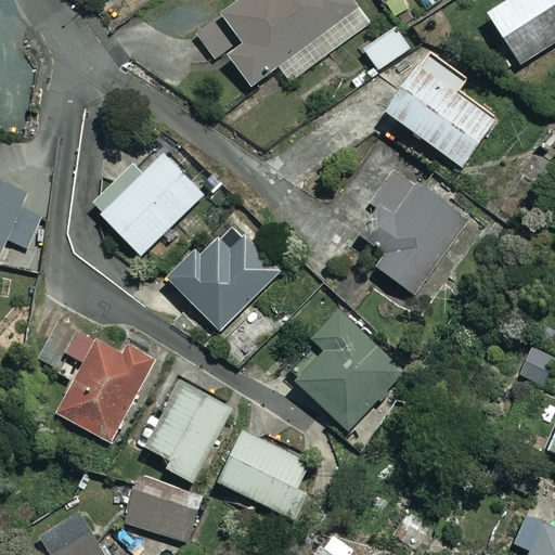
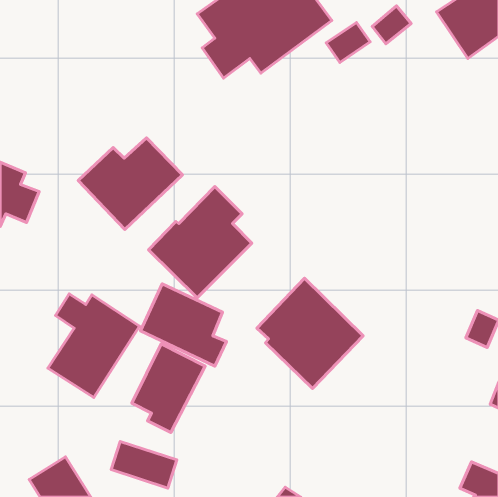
building: [382,54,493,166] -> none
building: [358,180,466,301] -> none
building: [217,429,312,520] -> [141,284,226,366]

